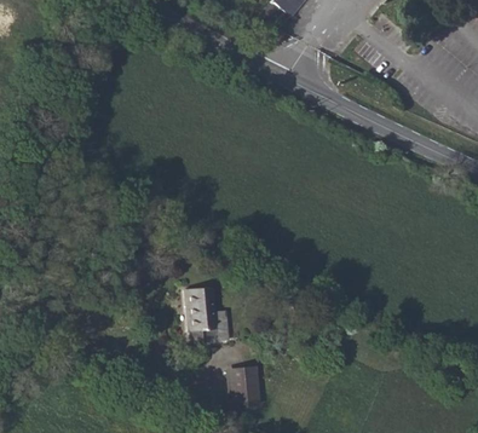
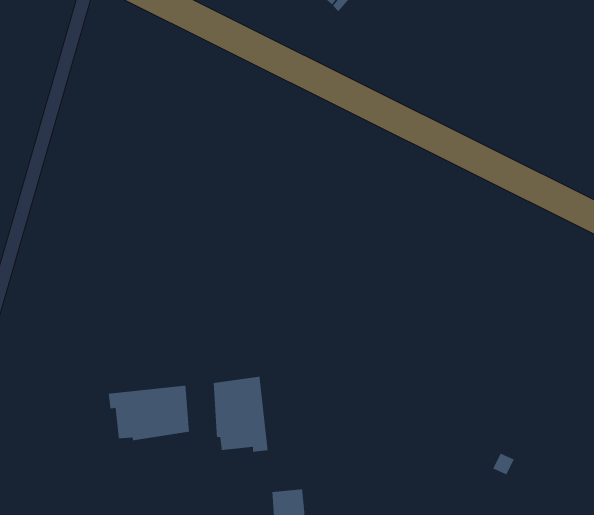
building: none -> [108,385,190,441]

